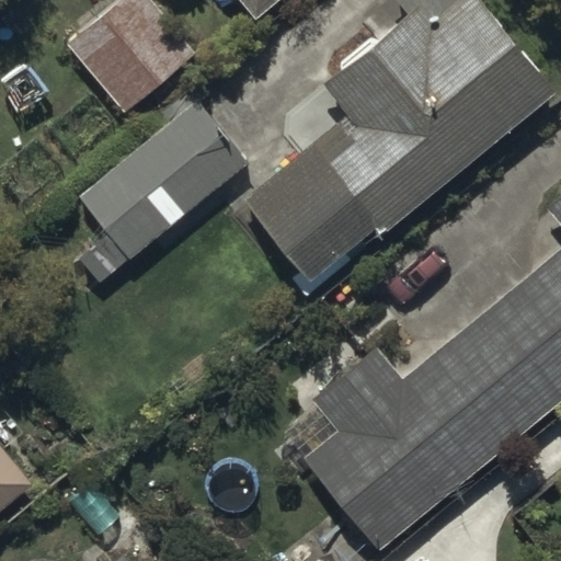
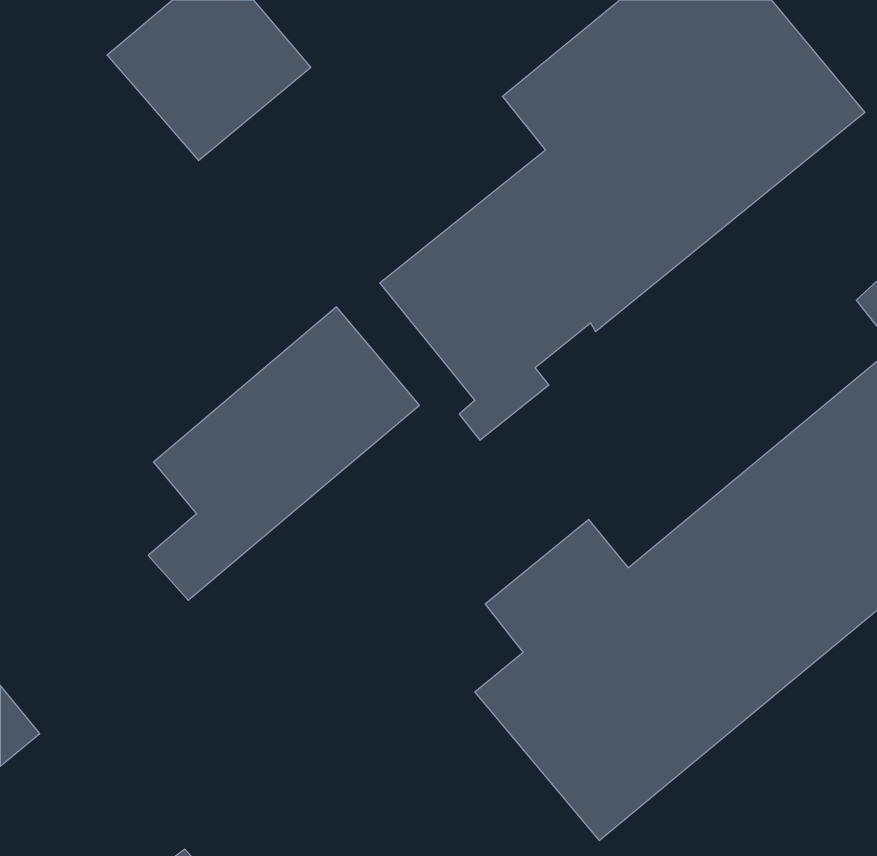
building: [76,103,248,289] -> [148,307,419,600]

